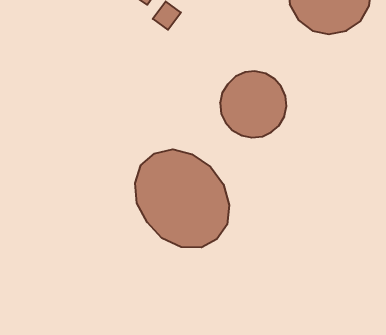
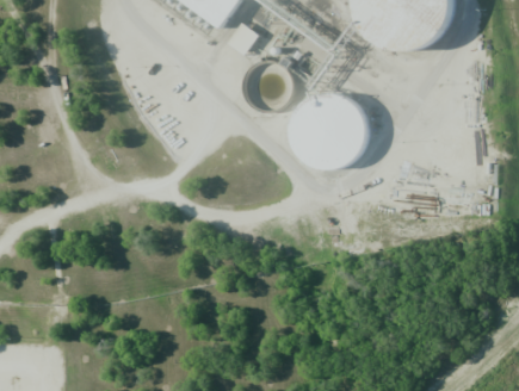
building: [135,149,229,247] -> none

